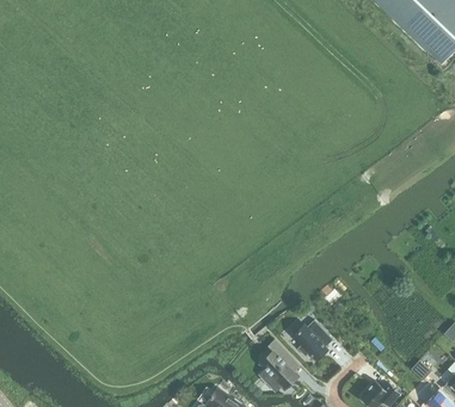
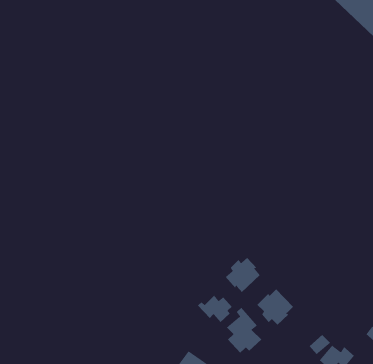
building: none -> [225,257,261,293]
building: none -> [197,295,233,323]

